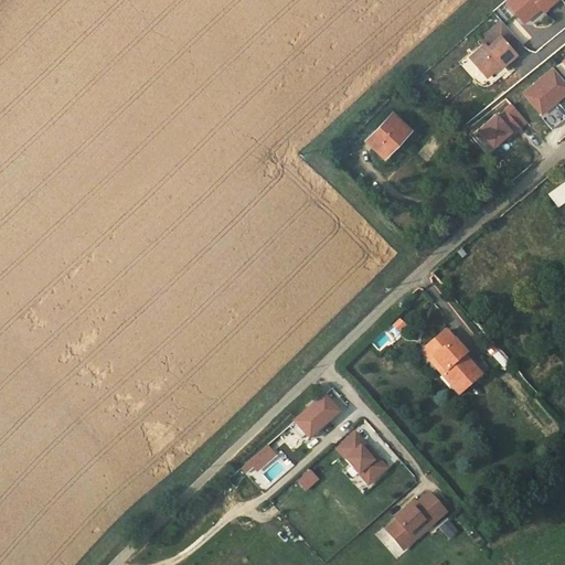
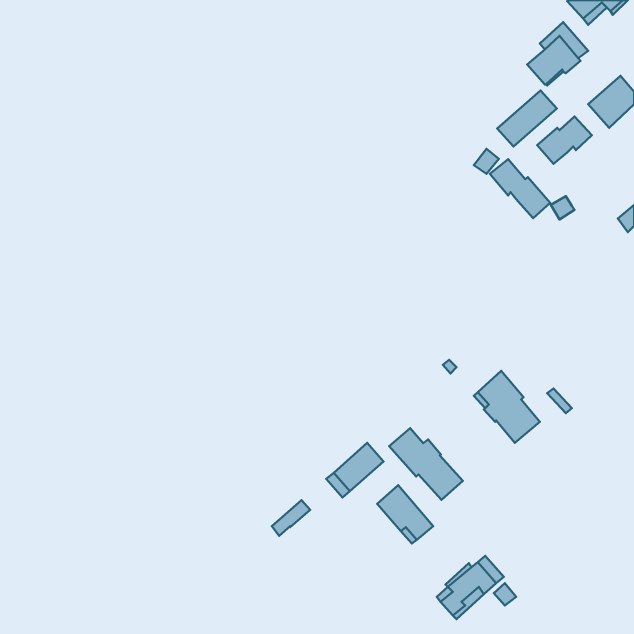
building: none -> [497,91,557,146]
building: [365,113,409,157] -> none
building: none -> [490,159,550,218]
building: none -> [389,428,463,500]

